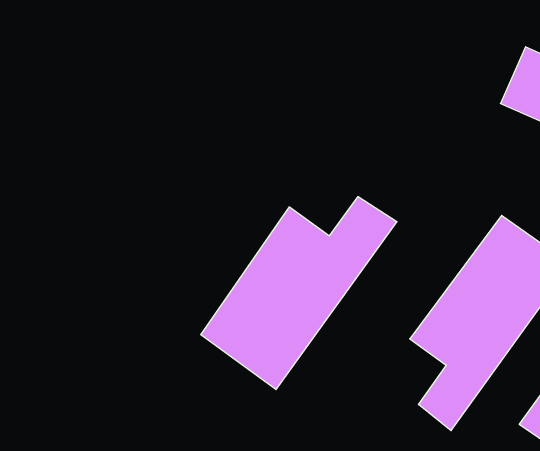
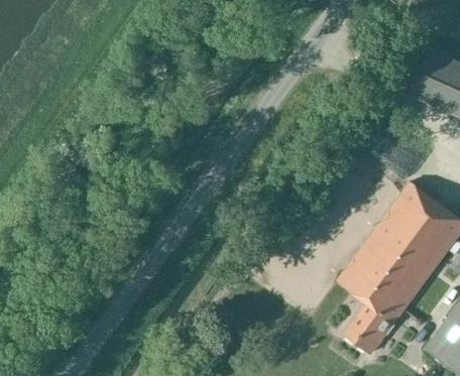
building: [201,197,397,390] -> none

